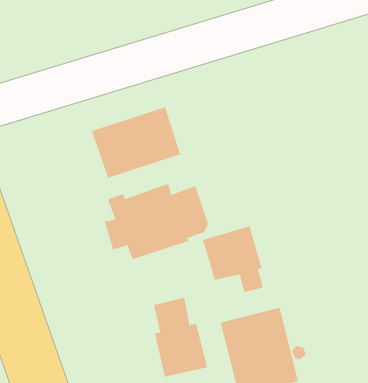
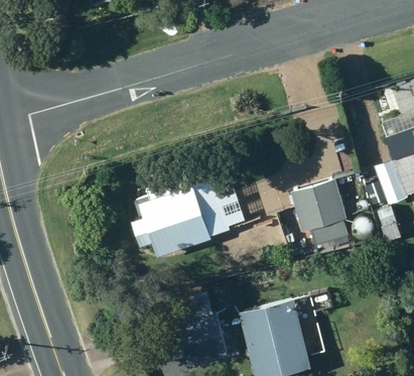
building: [91,106,181,178] -> none
building: [202,226,263,292] -> [291,178,348,240]

